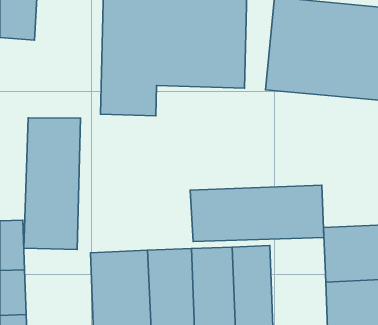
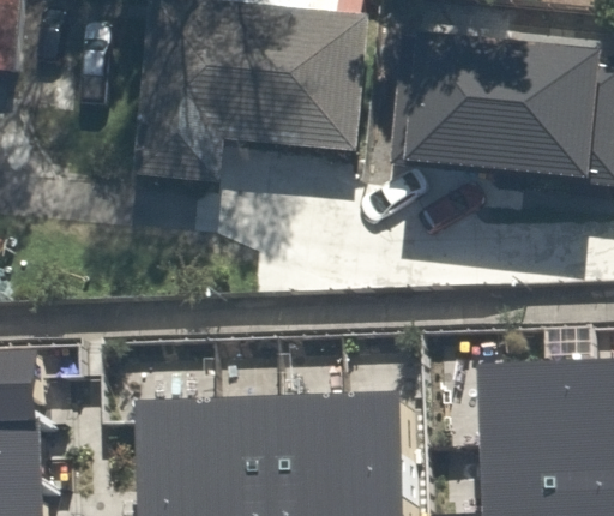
building: [24,118,80,249] -> none
building: [190,185,324,241] -> none

